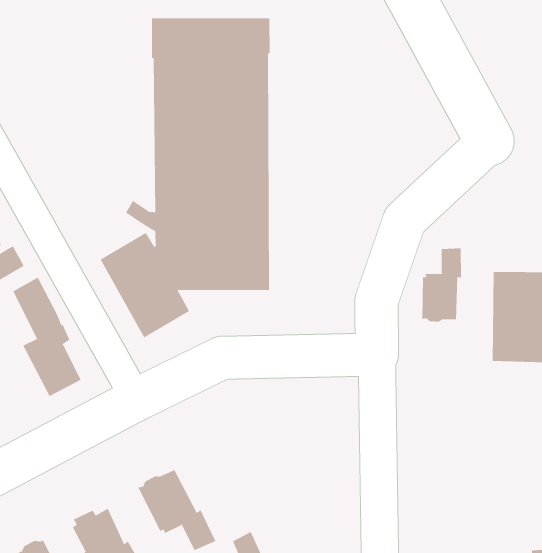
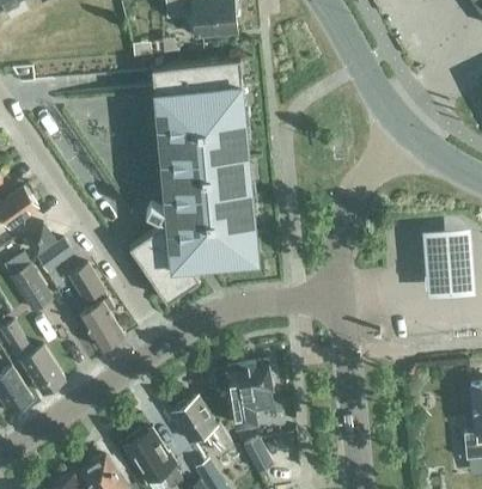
building: [422,247,462,322] -> none
building: none -> [215,361,275,427]

